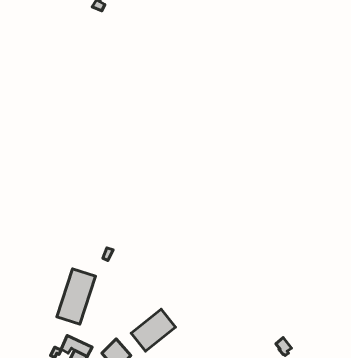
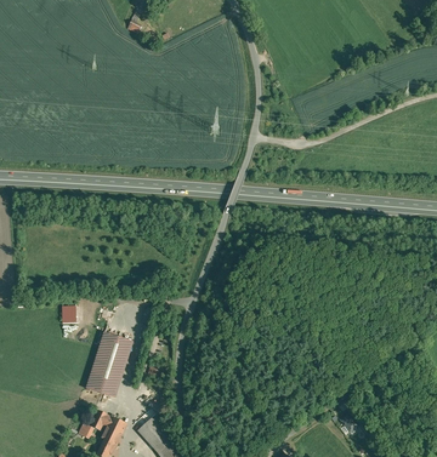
building: [131,309,175,351] -> none

